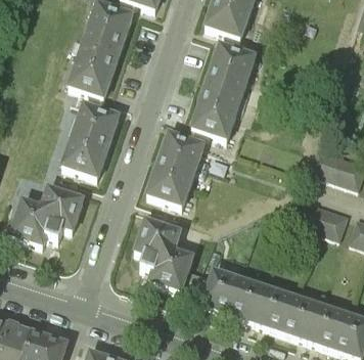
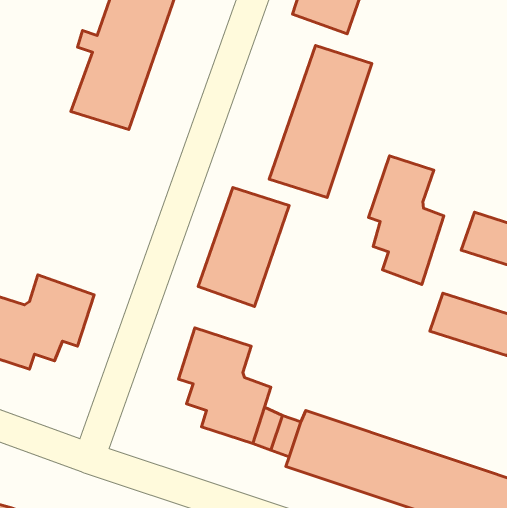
building: [62,102,120,177] -> none
building: none -> [368,156,444,284]

